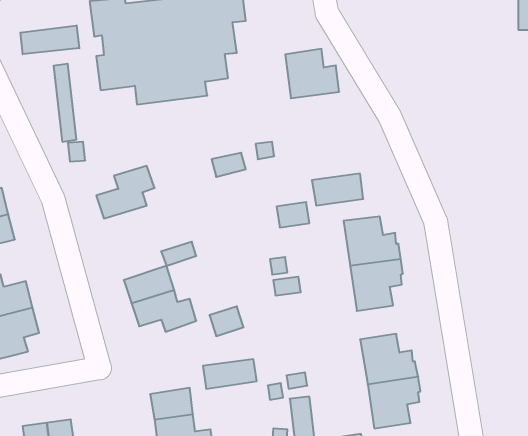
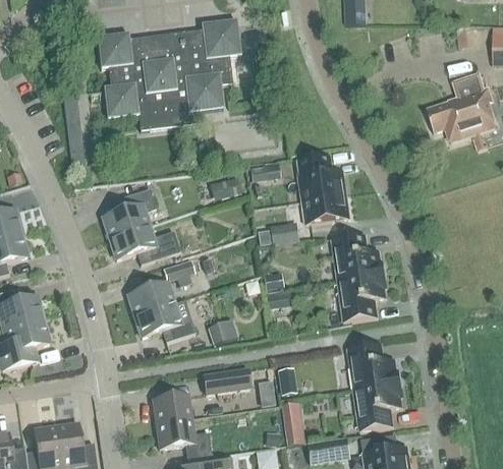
building: [20,25,79,54] -> none
building: none -> [426,74,496,141]
building: [285,49,339,98] -> [296,156,346,201]
building: none -> [109,225,179,265]

